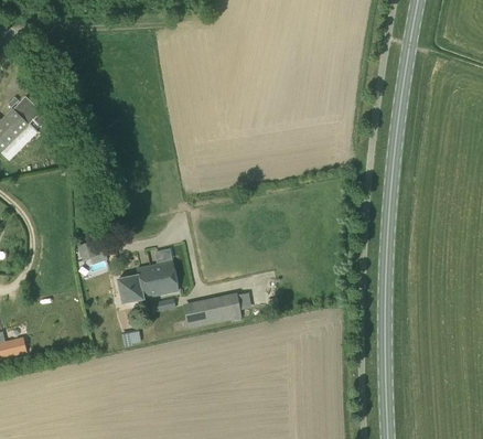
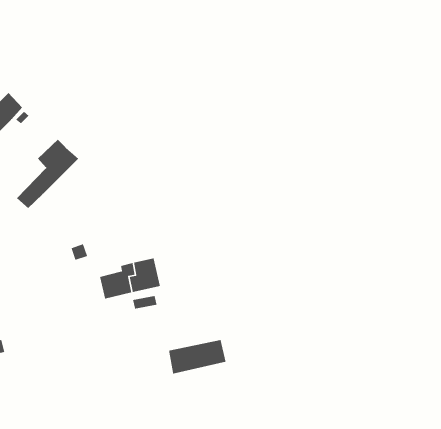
building: none -> [16,139,79,209]
building: [183,293,242,329] -> [168,339,227,374]

